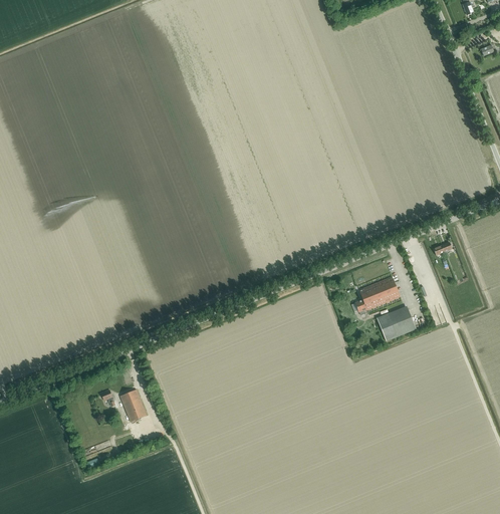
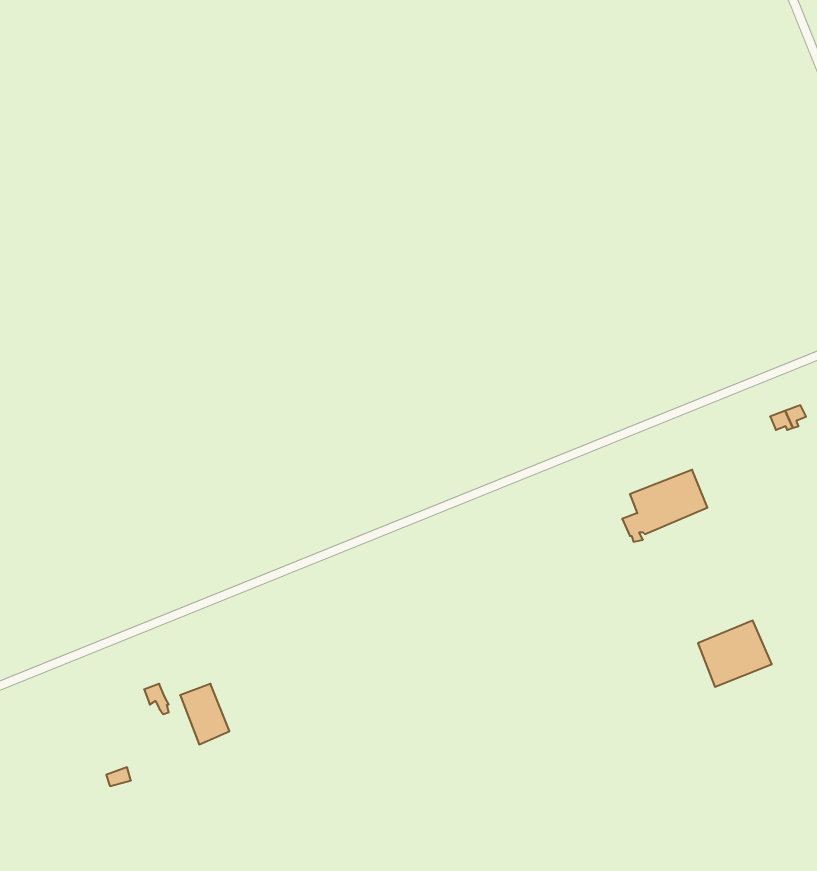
building: [376,306,415,341] -> [698,621,772,687]

